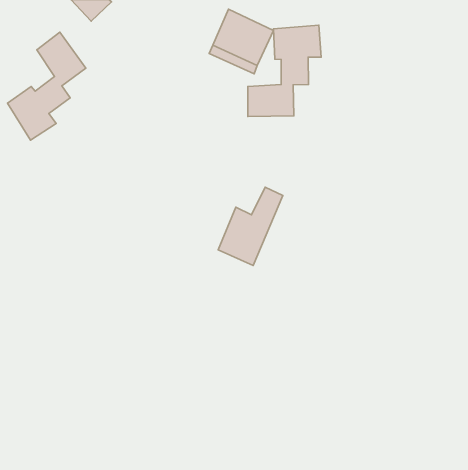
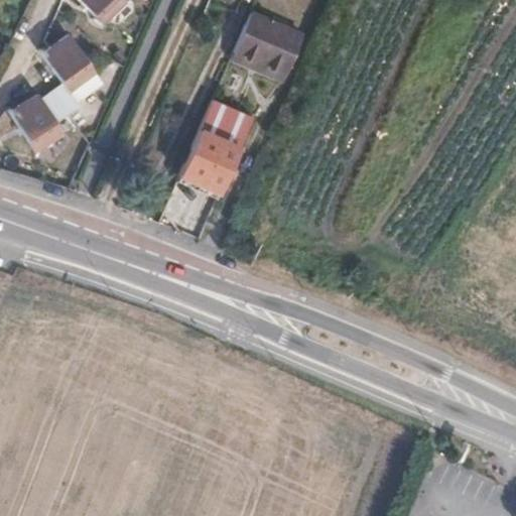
building: [248,25,321,117] -> none
building: [218,187,283,265] -> [182,106,253,191]

